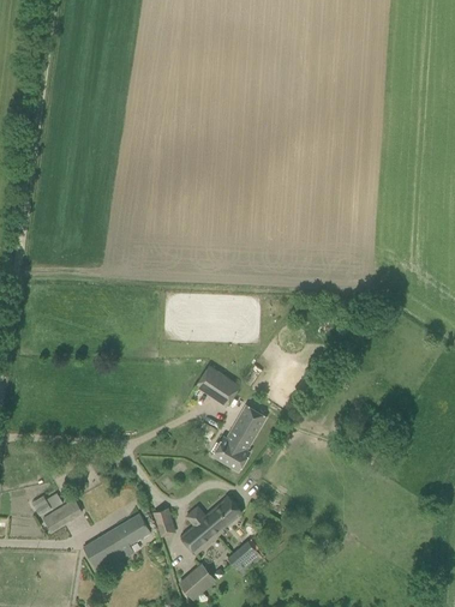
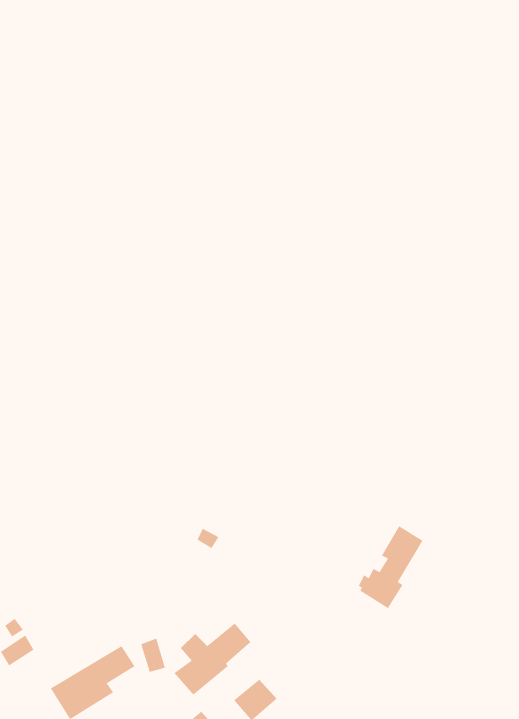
building: [198,365,239,401] -> none
building: [214,404,265,470] -> [358,525,423,609]

